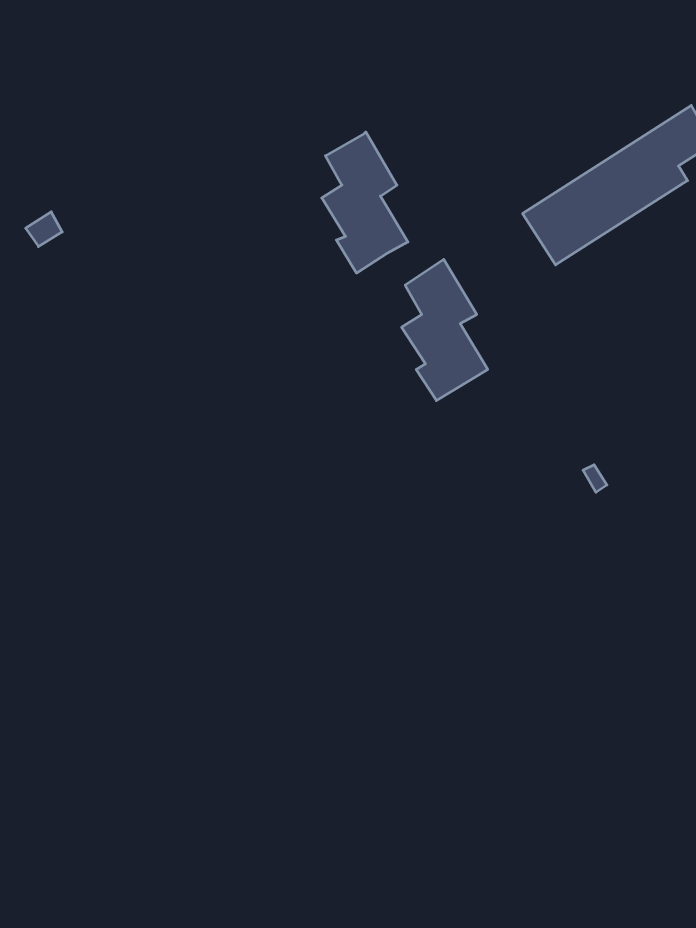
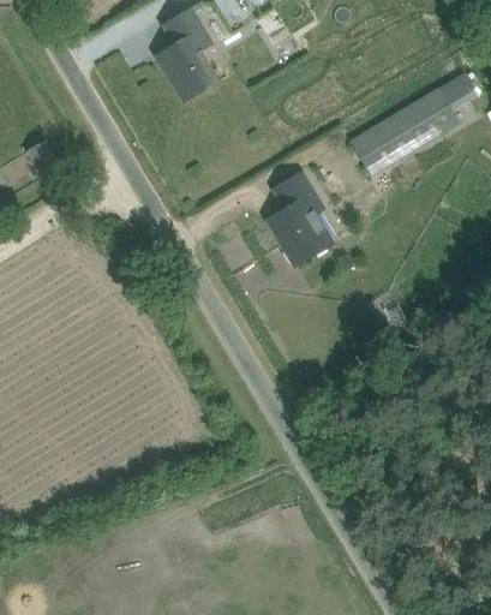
building: [322,132,408,273] -> [163,7,220,100]

